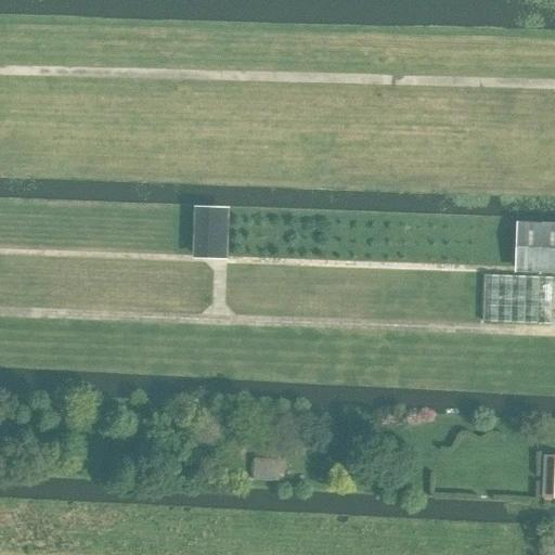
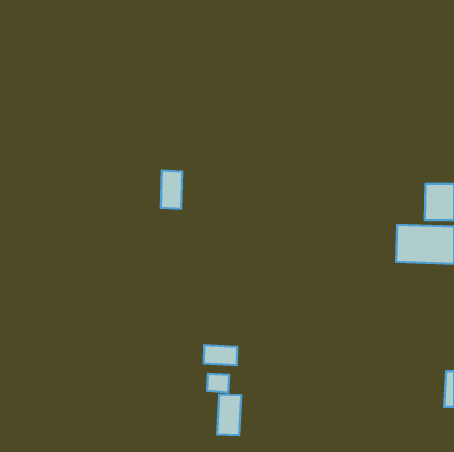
building: none -> [204,345,237,365]
building: none -> [217,394,241,435]

